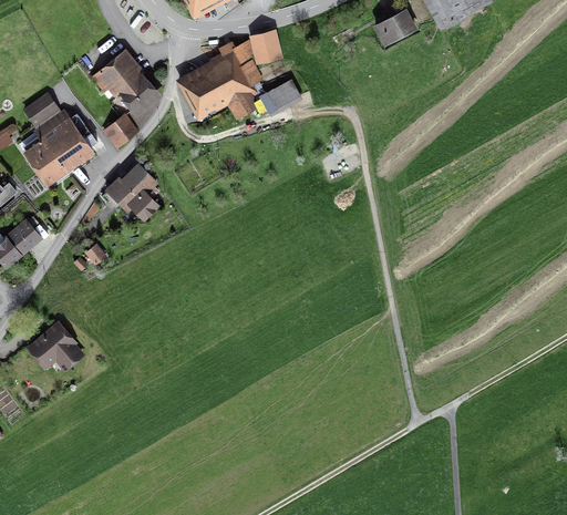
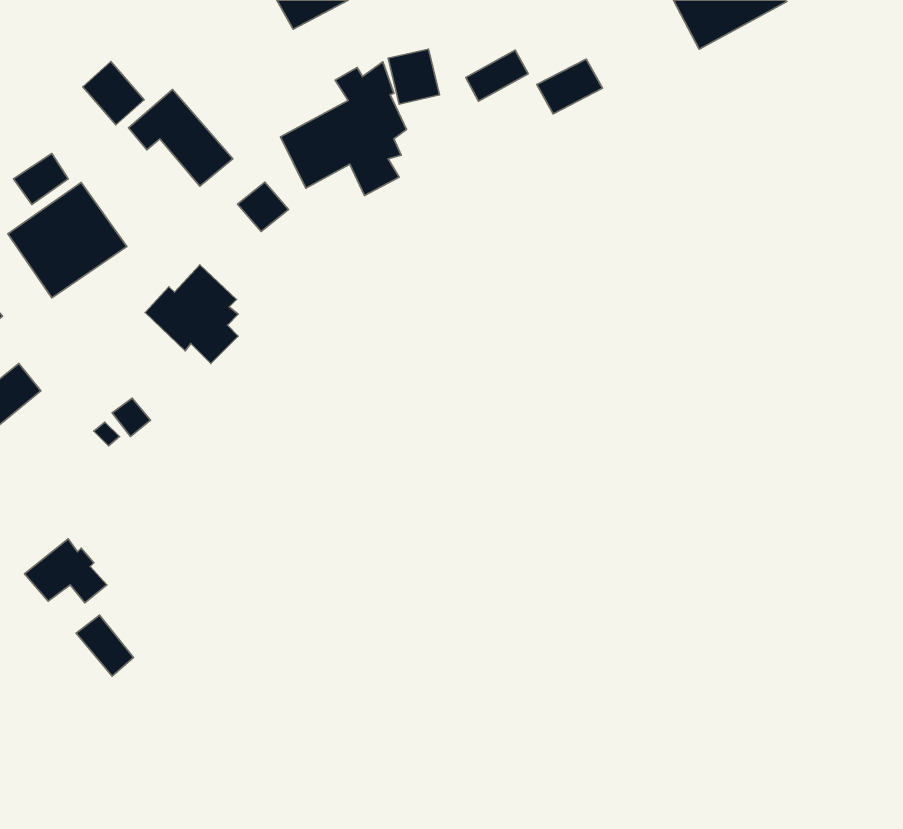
building: [375,11,415,44] -> [537,59,603,114]
building: none -> [83,62,144,125]
building: [261,82,299,113] -> [466,50,528,101]
building: [102,119,133,148] -> [237,182,289,231]
building: none -> [76,615,133,676]

